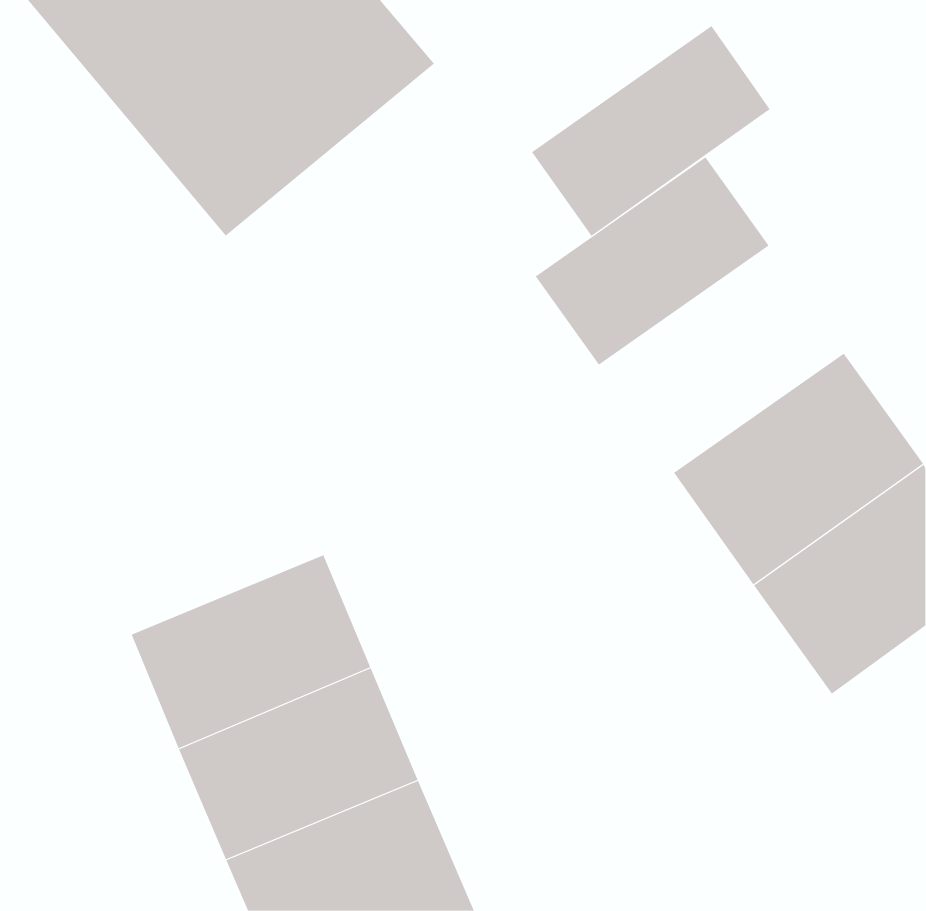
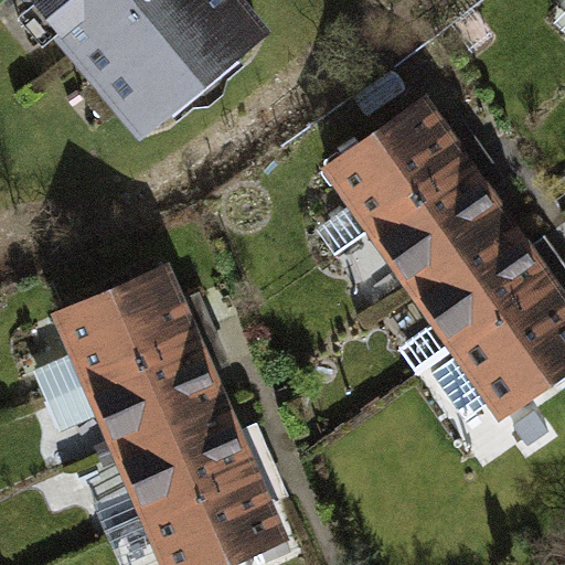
building: [531,25,770,237] -> none
building: none -> [363,149,512,287]
building: none -> [50,267,196,385]

